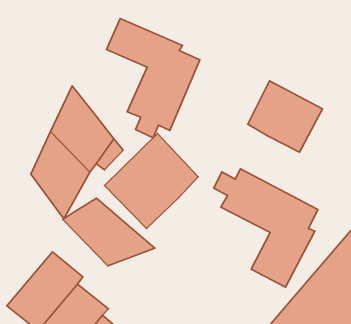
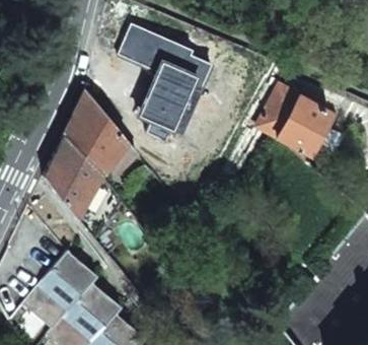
building: [105,134,198,229] -> none
building: [214,169,318,287] -> none
building: [63,198,155,266] -> none

